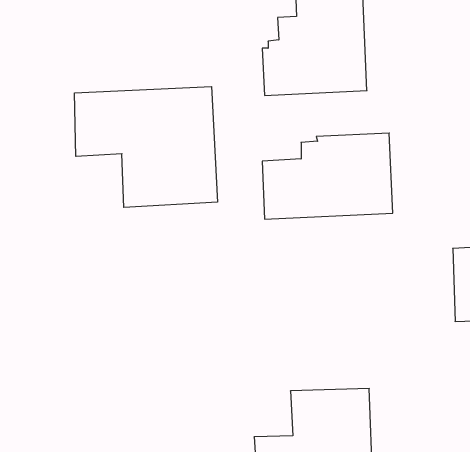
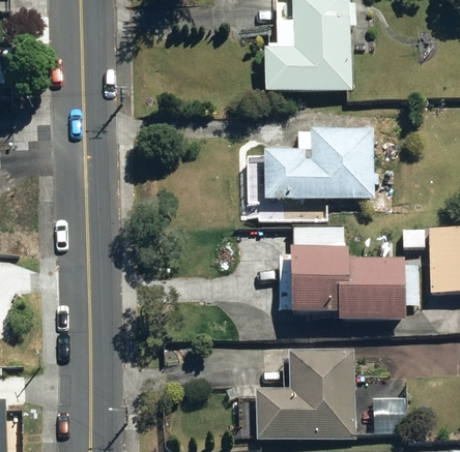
building: [75,87,217,207] -> none
building: none -> [282,249,405,323]

